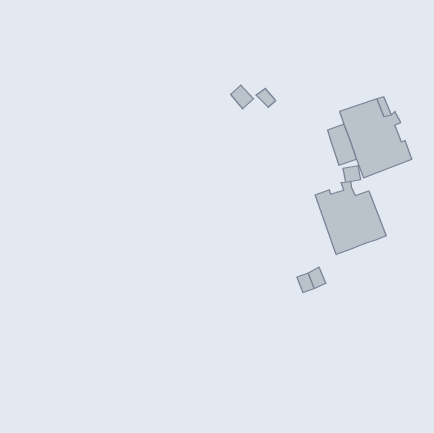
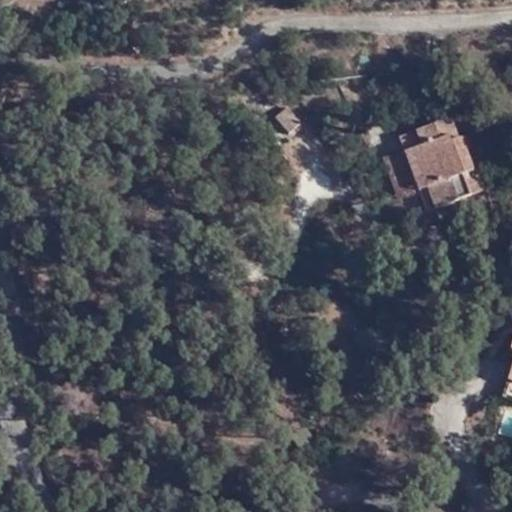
building: [315,181,386,255] -> none

